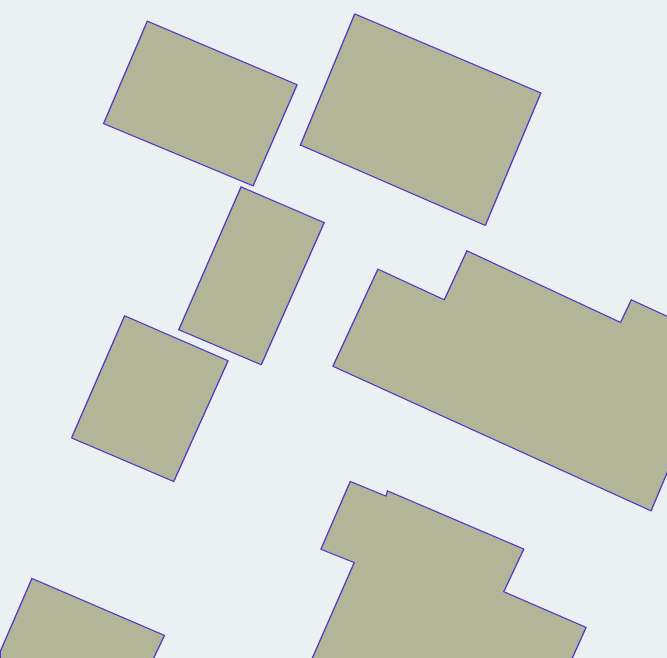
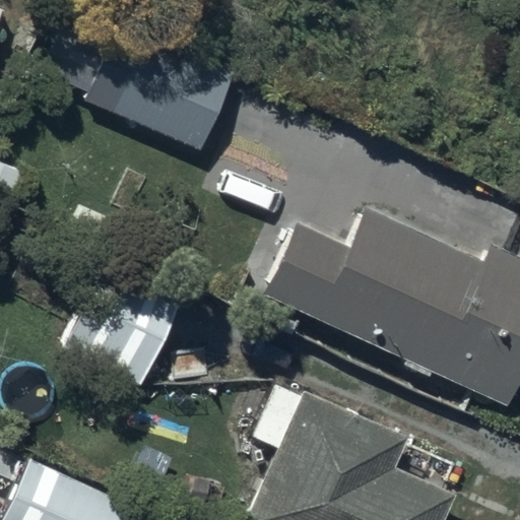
building: [300,14,541,225] -> none
building: [179,187,324,365] -> none

